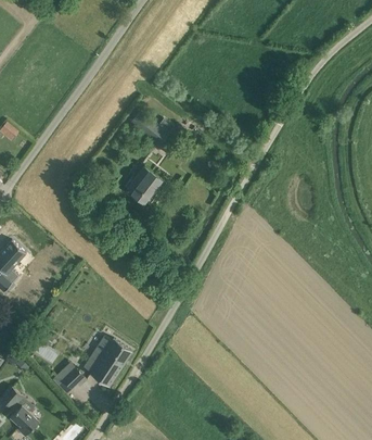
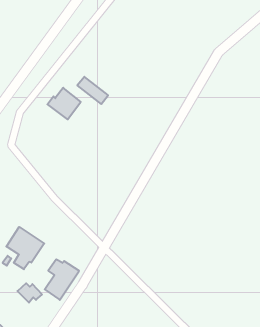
building: [125,166,166,205] -> [47,88,81,119]
building: none -> [6,227,44,269]

